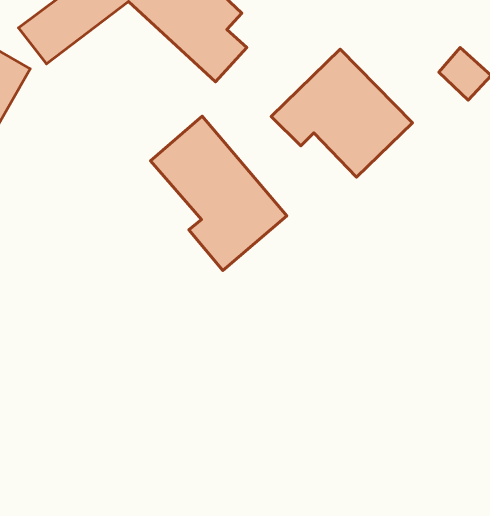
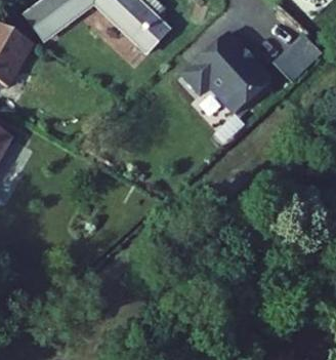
building: [151,116,287,270] -> none

